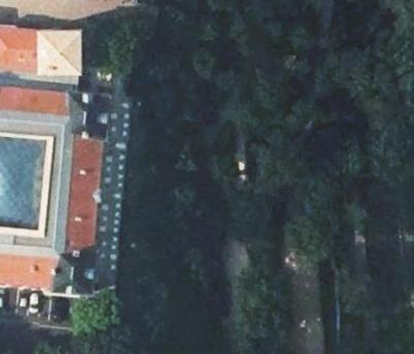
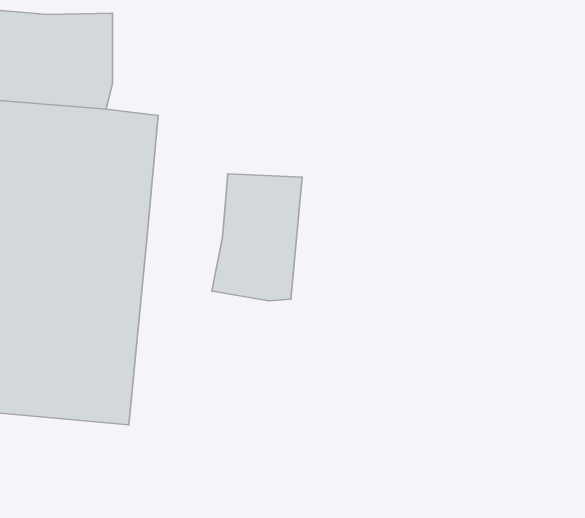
building: none -> [212,174,302,301]

